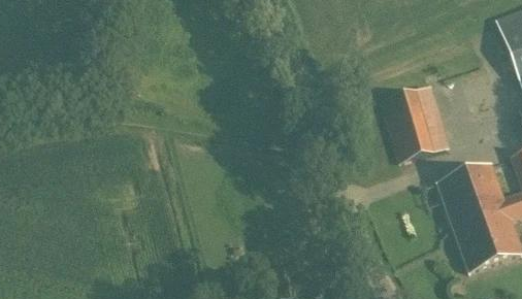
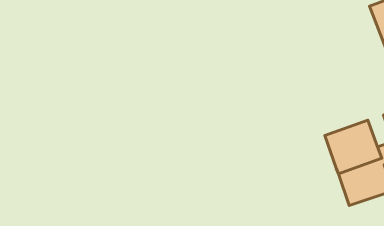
building: [382,84,450,158] -> none

